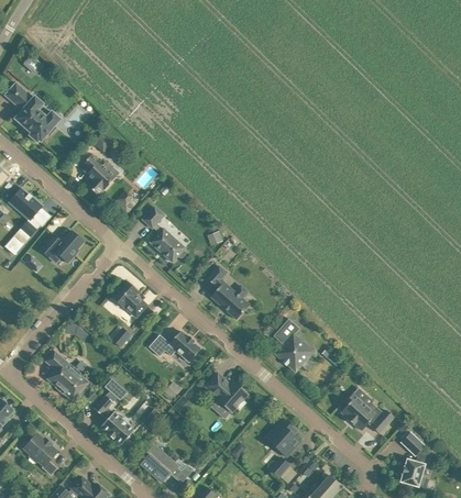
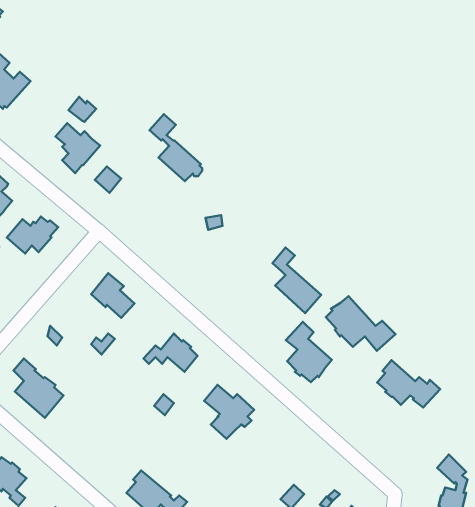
building: [141,206,185,262] -> [149,114,202,181]
building: [207,264,248,319] -> [272,248,321,313]
building: none -> [326,296,395,351]
building: [92,377,133,444] -> none
building: [340,392,393,432] -> [377,360,440,407]
building: [264,418,299,456] -> none

